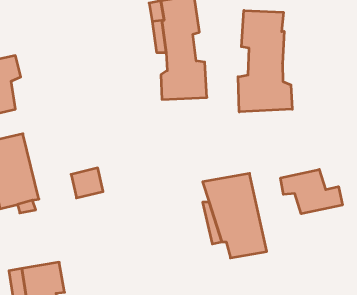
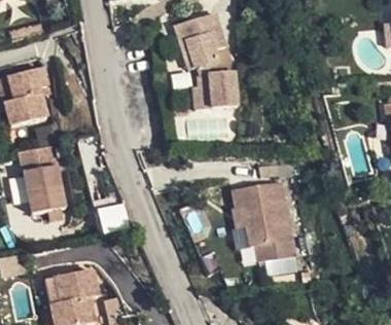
building: [238,10,292,112] -> none
building: [281,169,342,214] -> none

